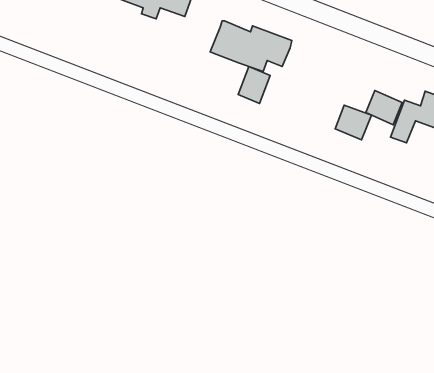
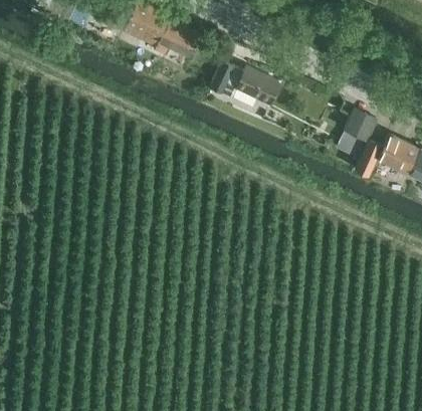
building: [238,66,270,104] -> none
building: [335,105,371,140] -> [346,111,377,141]

